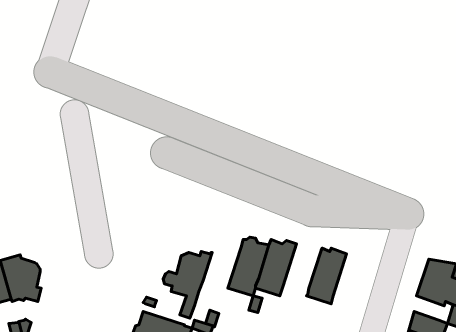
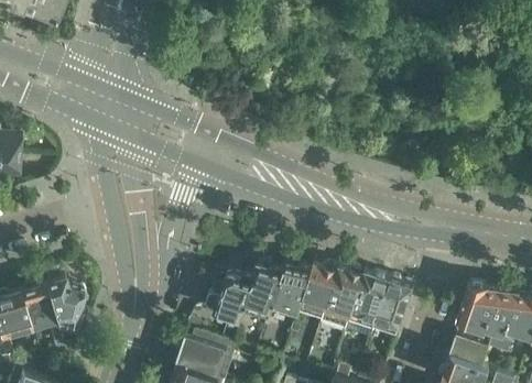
building: none -> [241,266,283,326]
building: none -> [322,270,362,330]
building: none -> [372,281,413,338]

